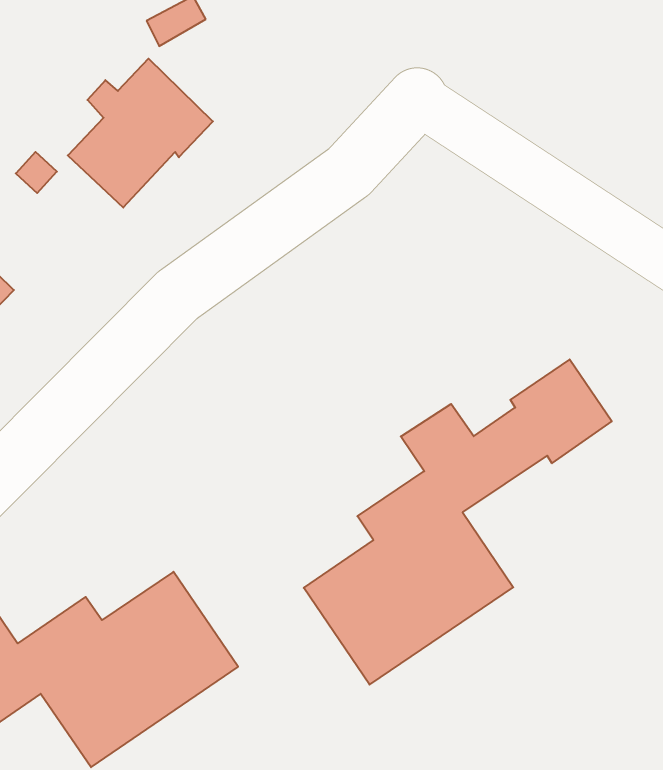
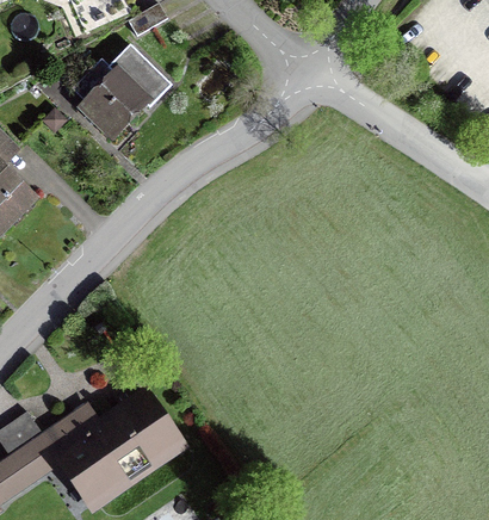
building: [304,359,612,685] -> none

